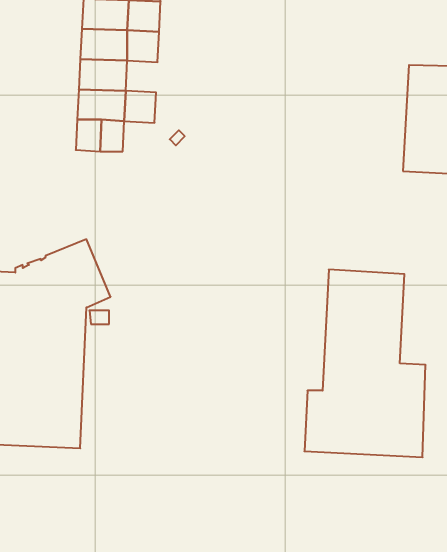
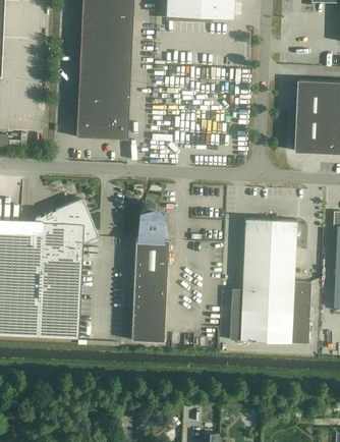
building: none -> [109,77,130,99]
building: none -> [107,118,128,140]
building: none -> [131,214,168,342]

